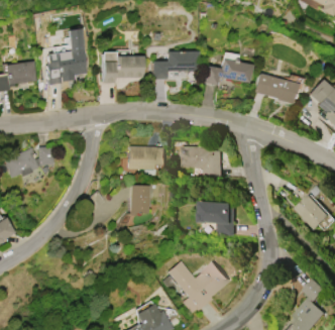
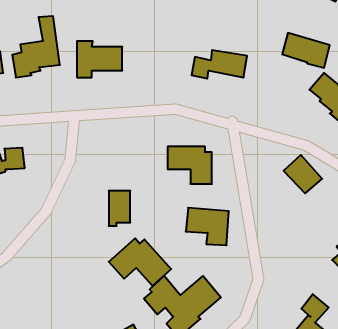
building: [152,51,199,80] -> none
building: [254,73,297,104] -> [282,33,330,68]
building: [127,146,164,169] -> none
building: [295,194,329,228] -> [284,155,322,193]
building: none -> [109,238,171,286]

